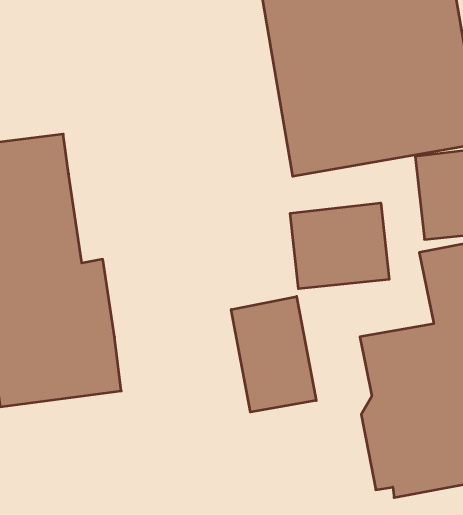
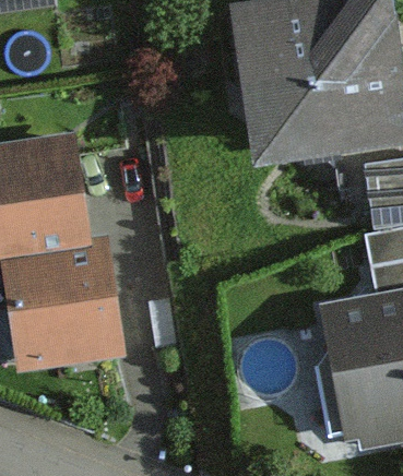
building: [290,203,389,289] -> none
building: [231,296,316,412] -> none

